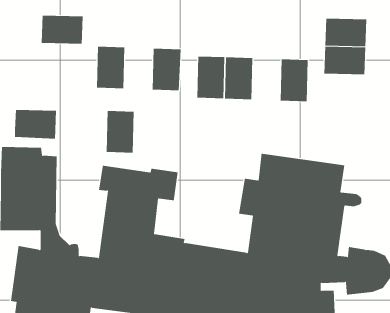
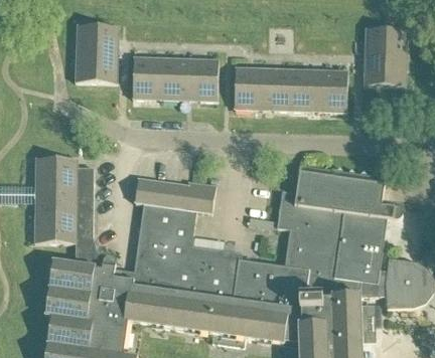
building: none -> [290,68,319,112]
building: [14,109,57,139] -> [75,53,118,83]
building: [106,110,135,153] -> [160,57,189,101]

